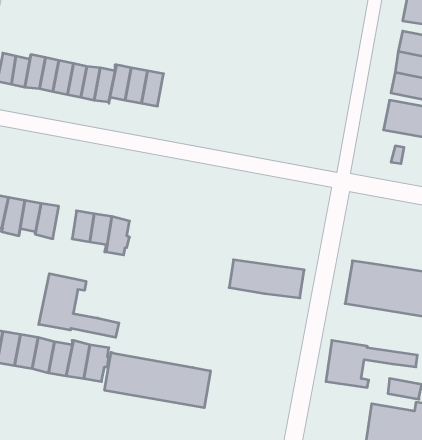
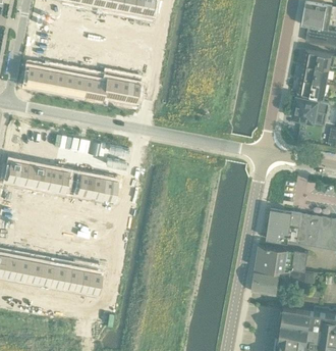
building: [229,260,304,298] -> [256,245,307,271]
building: [39,274,119,337] -> none
building: [105,352,210,408] -> none

